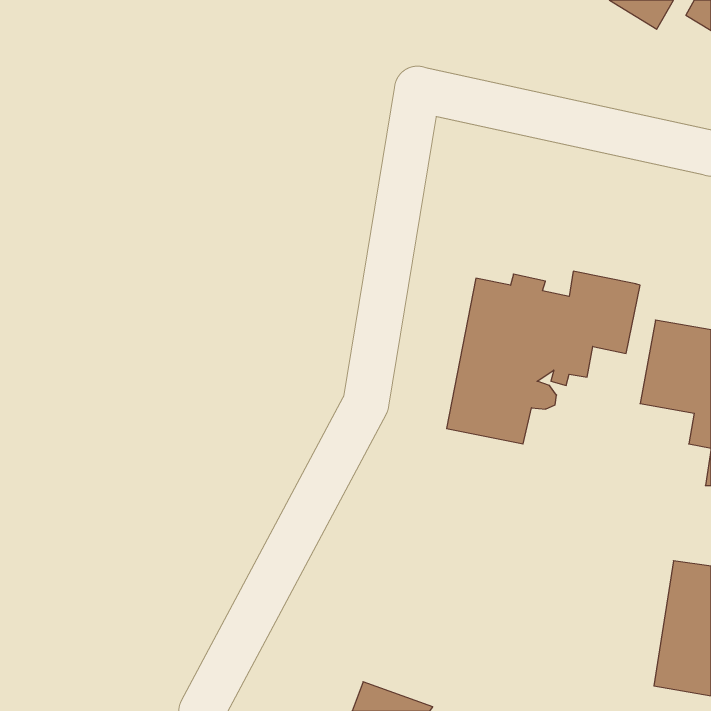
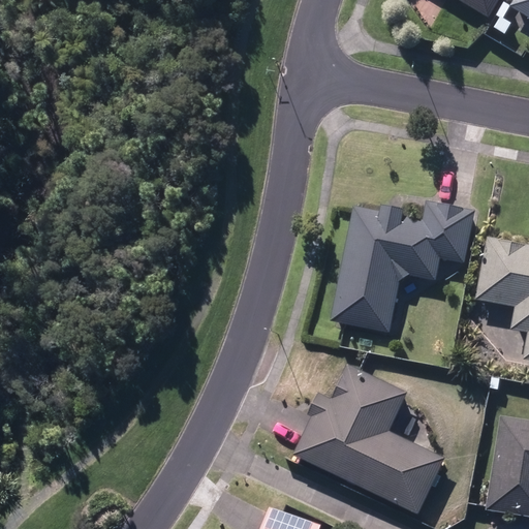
building: none -> [293,365,445,514]

